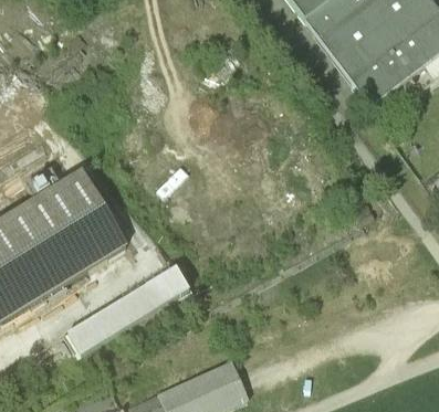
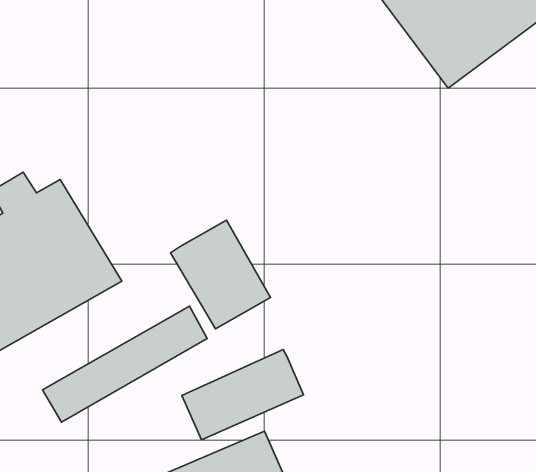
building: none -> [170,220,271,329]
building: none -> [182,350,304,440]

